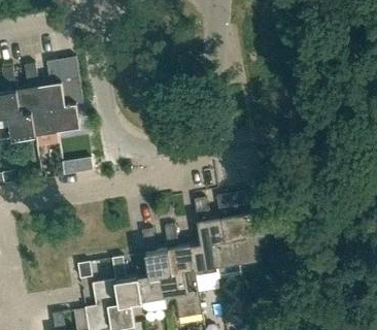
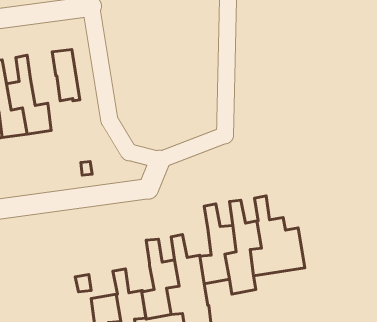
building: [37,61,79,132] -> none

